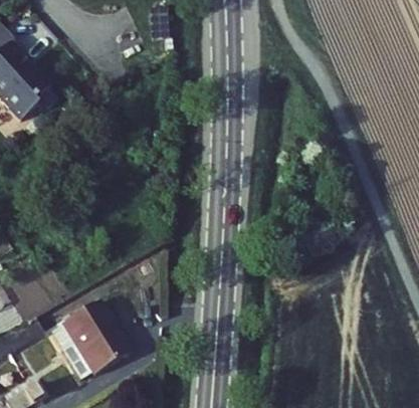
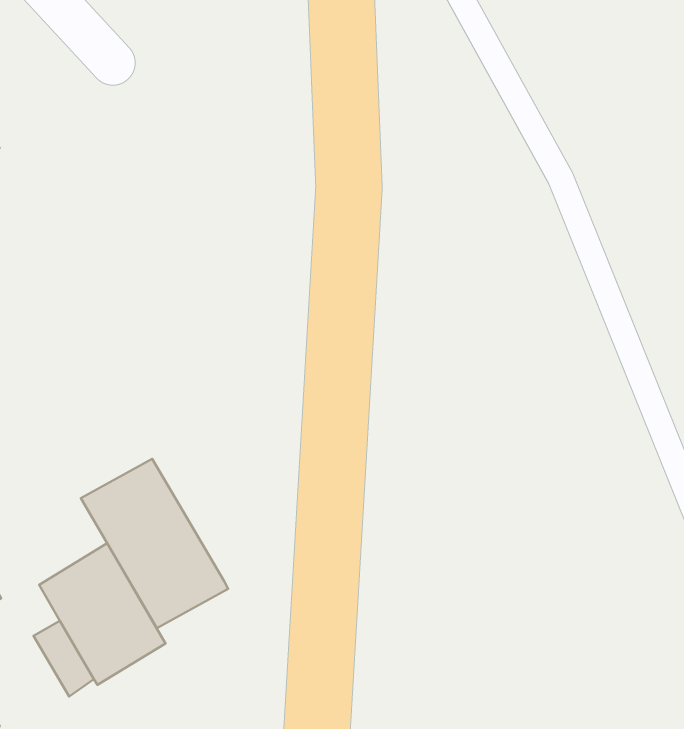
building: none -> [81,459,228,628]

